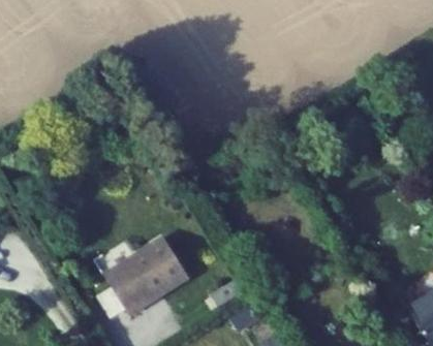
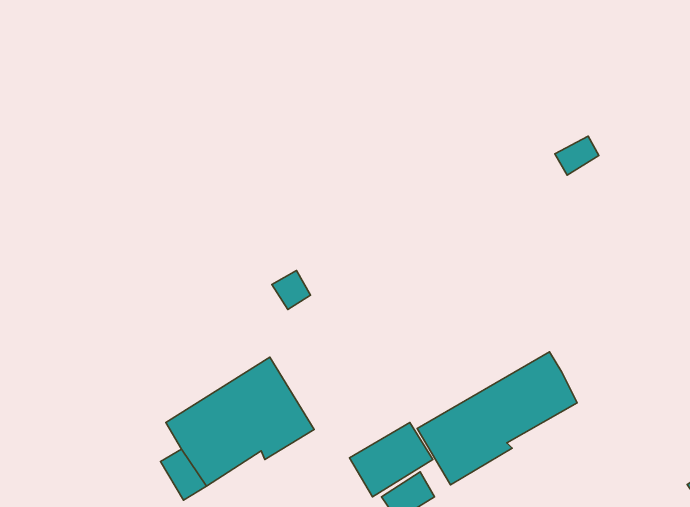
building: none -> [417,352,577,485]

